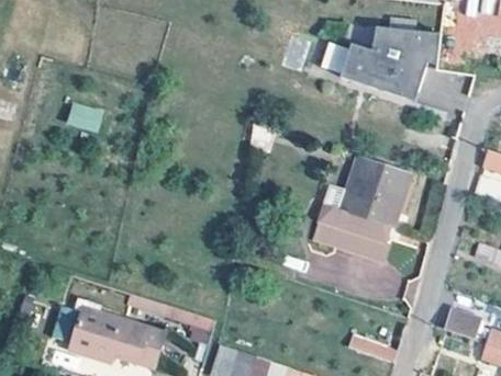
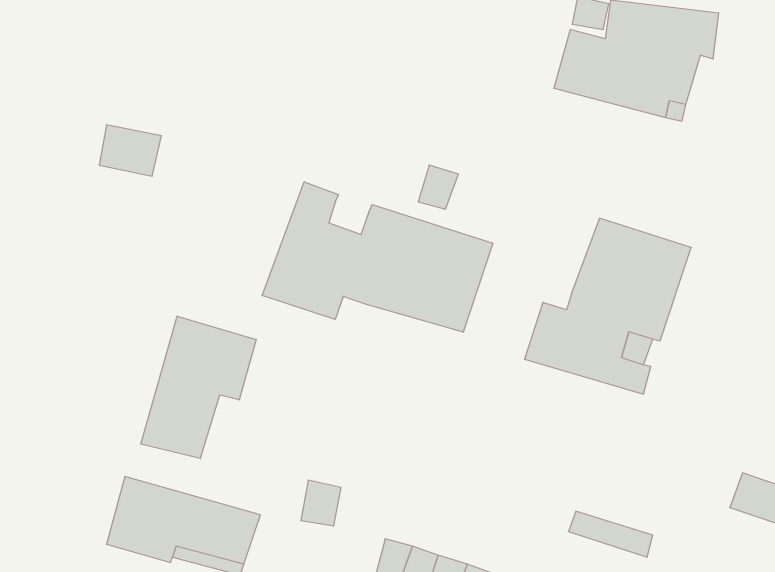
building: none -> [262,182,493,332]
building: none -> [141,316,256,459]

